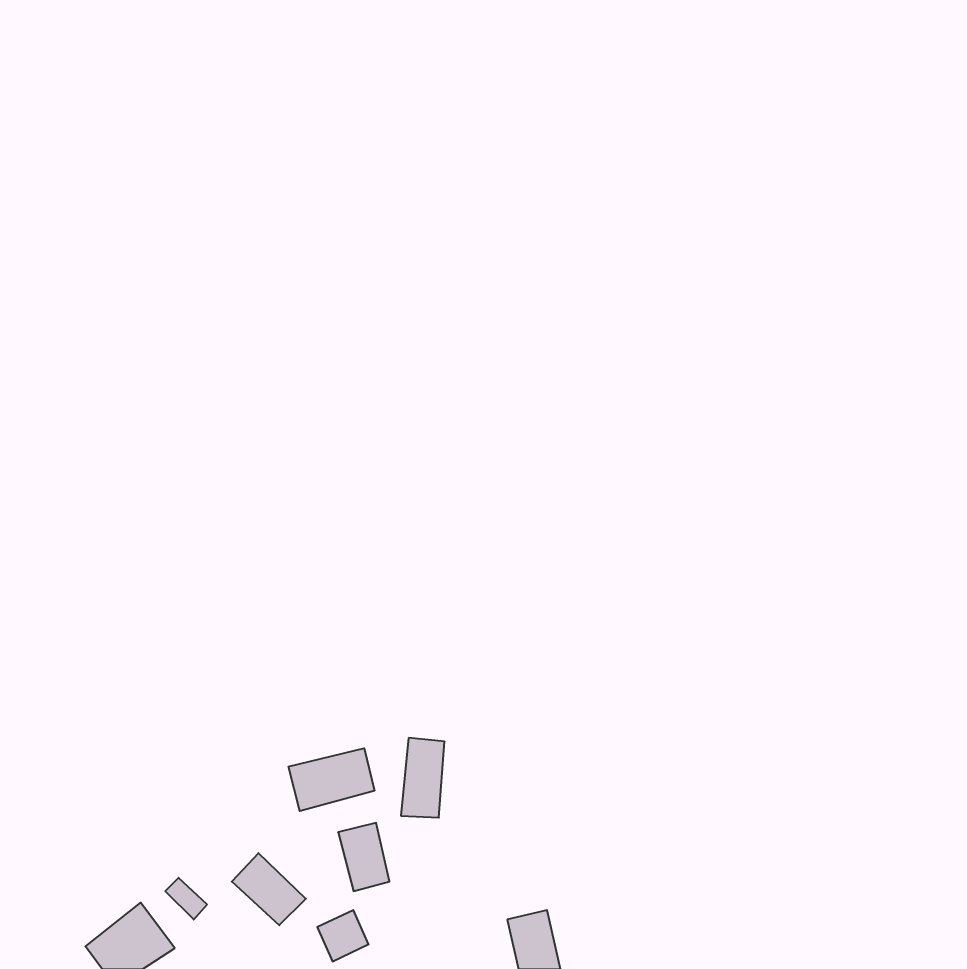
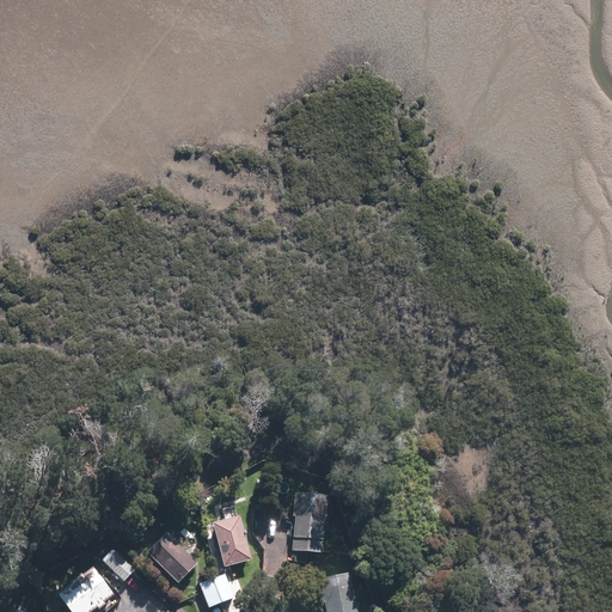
building: [401,738,445,818] -> [295,497,323,547]
building: [289,748,374,811] -> none

